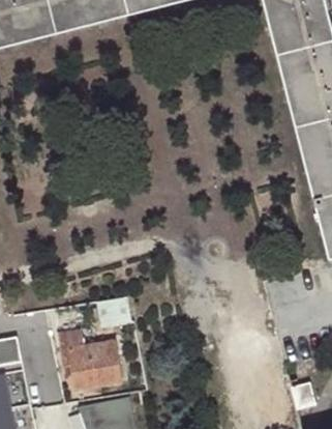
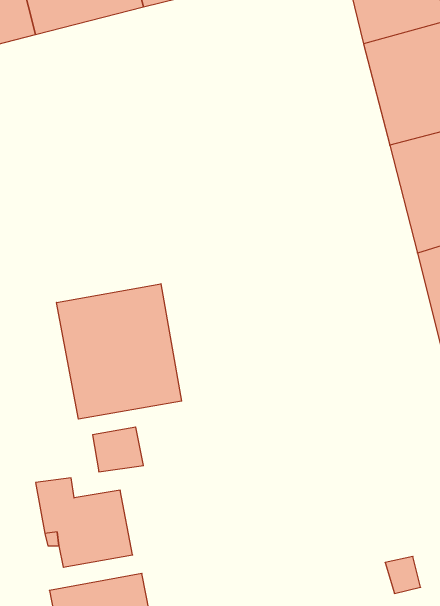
building: none -> [57,284,182,419]

